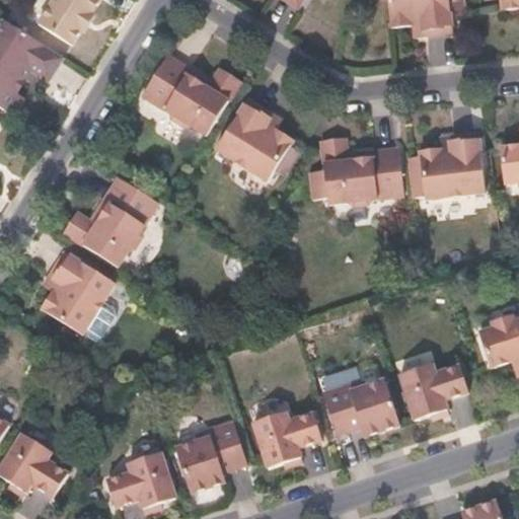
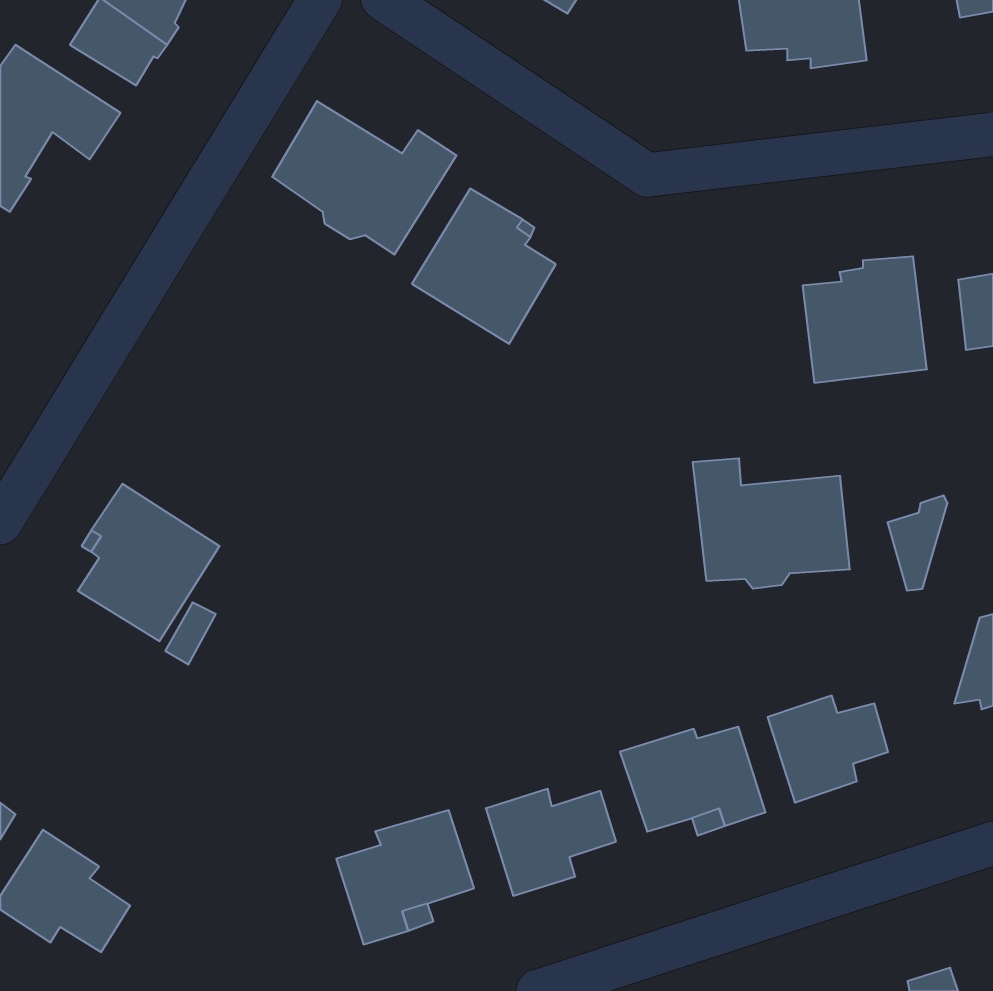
building: [320,137,402,205] -> [693,458,850,589]
building: [64,177,156,265] -> none
building: [479,318,511,368] -> [887,495,948,591]
building: [107,452,174,508] -> none

